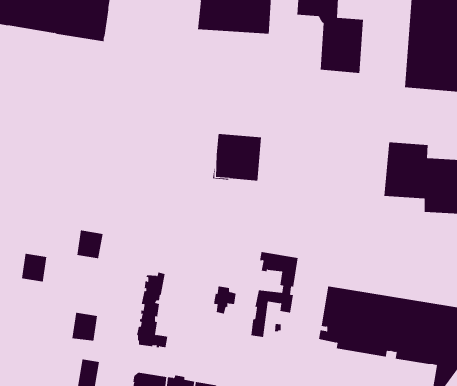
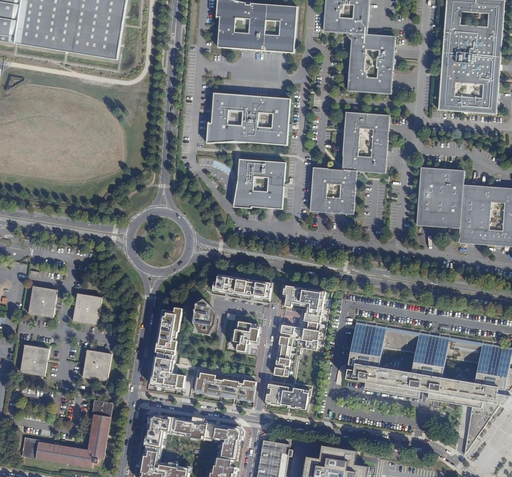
building: none -> [205,92,289,145]
building: none -> [309,112,389,214]
building: [76,230,104,259] -> [72,293,101,324]
building: none -> [211,274,271,301]
building: none -> [192,298,216,334]
building: none -> [19,344,48,375]
building: none -> [195,372,256,400]
building: none -> [264,383,308,409]

